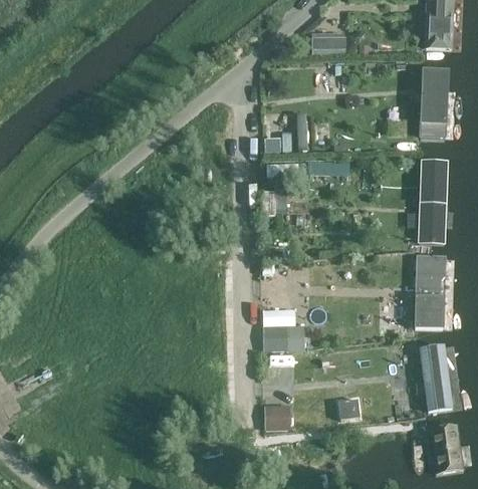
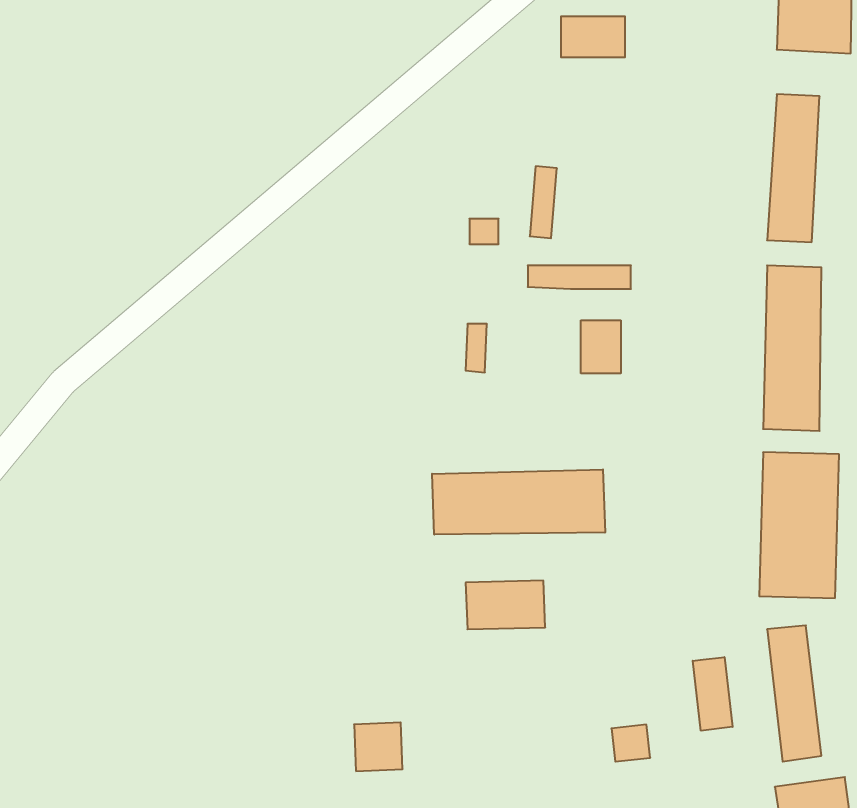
building: none -> [581,320,621,373]
building: none -> [432,469,605,535]
building: none -> [693,657,733,731]
building: [265,402,290,427] -> [354,722,403,771]

